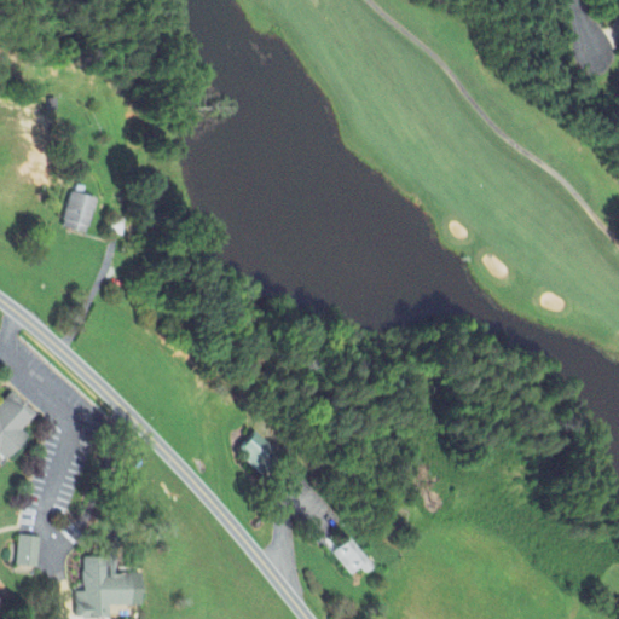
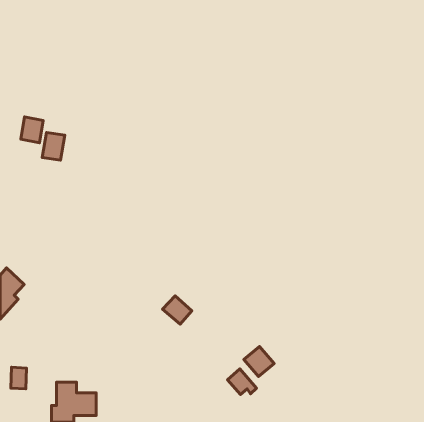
building: none -> [21,117,43,143]
building: none -> [244,346,274,376]

